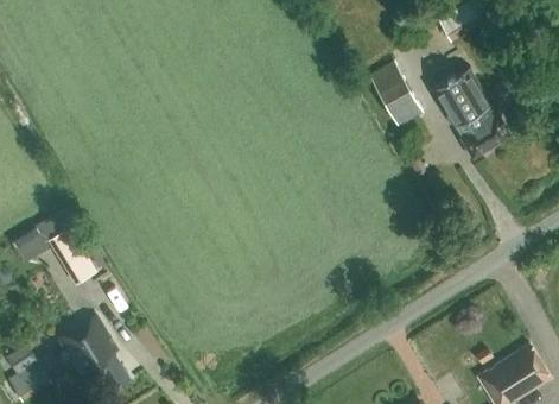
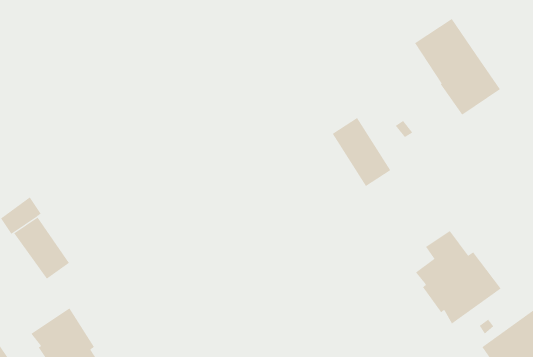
building: [368,61,421,126] -> [332,117,391,187]
building: none -> [415,230,501,324]

